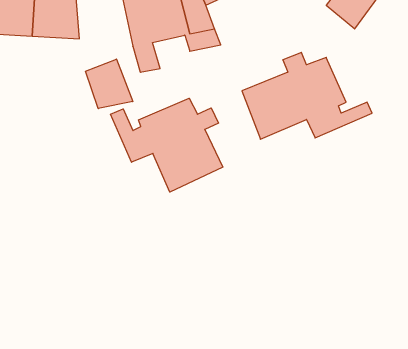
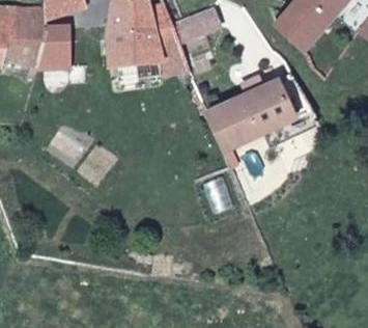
building: [86,59,133,109] -> none
building: [111,98,223,192] -> none

